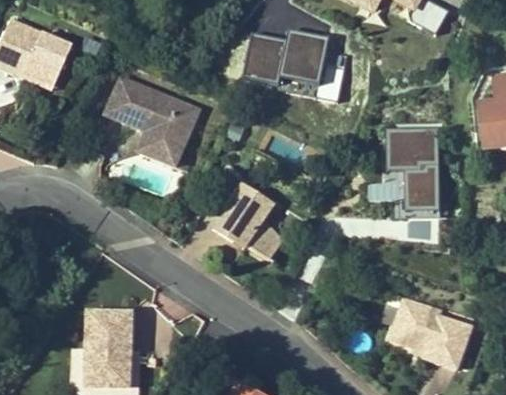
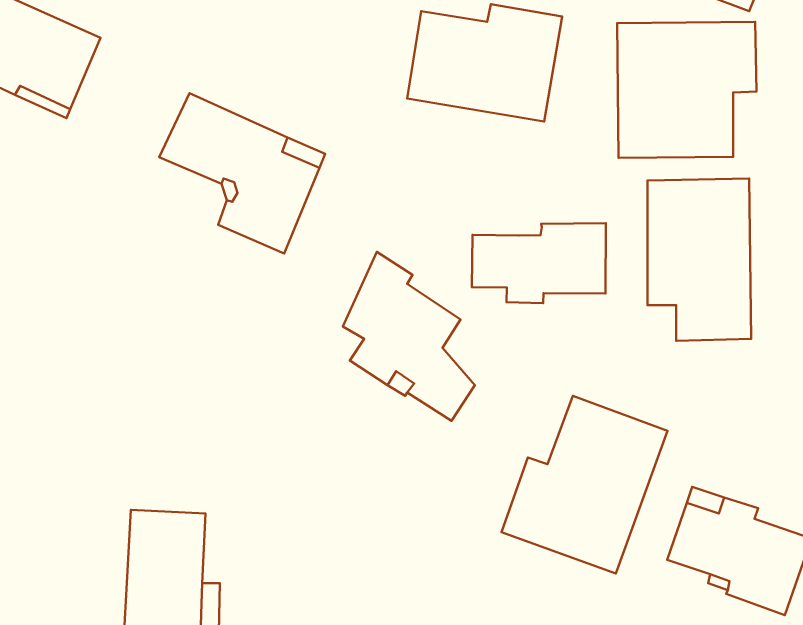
building: none -> [617,22,757,158]
building: none -> [472,223,606,303]
building: none -> [501,396,668,573]

